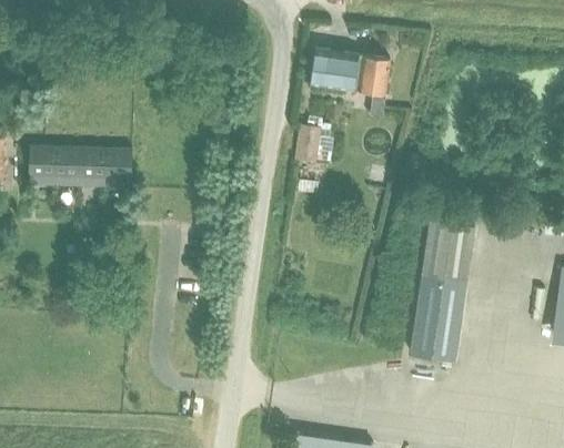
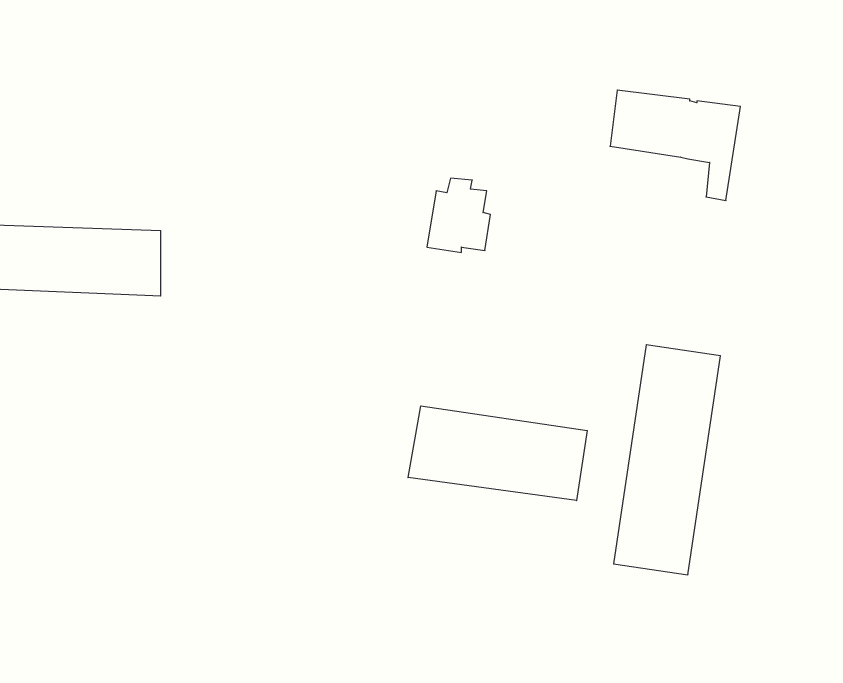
building: [310,51,390,119] -> [610,90,740,201]
building: none -> [408,406,587,501]

